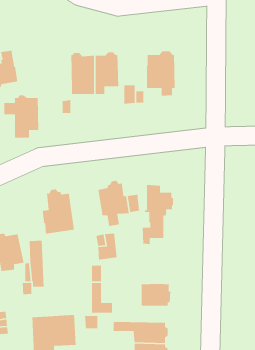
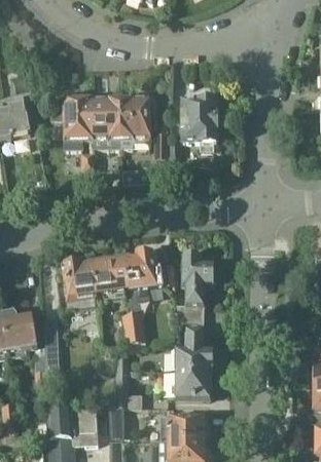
building: [4,94,39,139] -> [51,95,94,148]
building: none -> [92,257,130,307]
building: none -> [176,317,212,371]

